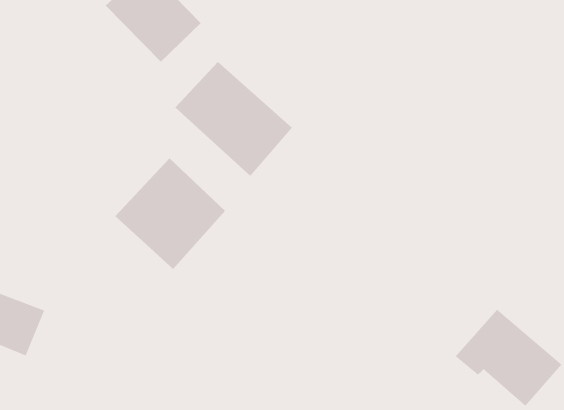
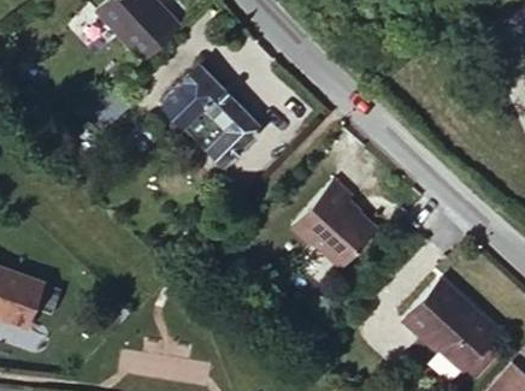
building: [114,158,226,270] -> none
building: none -> [294,180,378,265]

